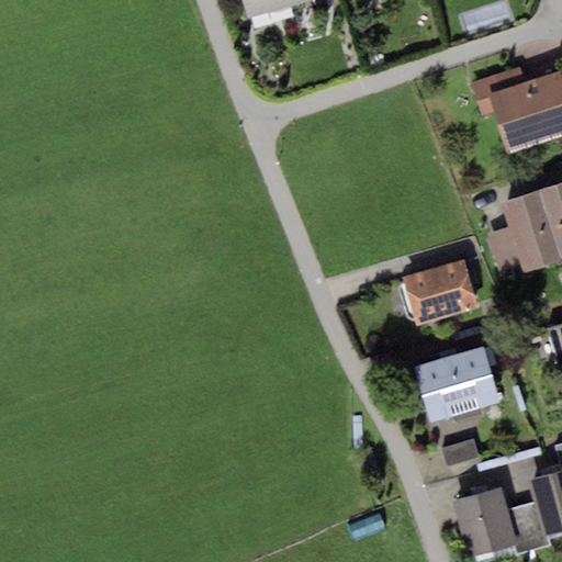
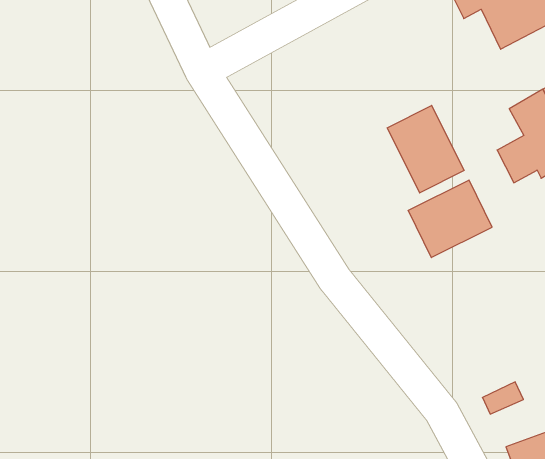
building: none -> [387,105,464,193]
building: [417,345,501,419] -> none

